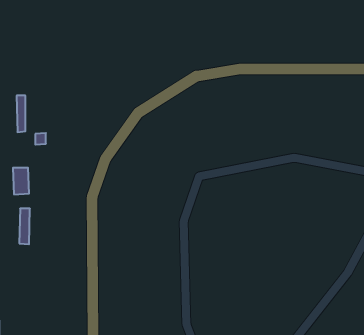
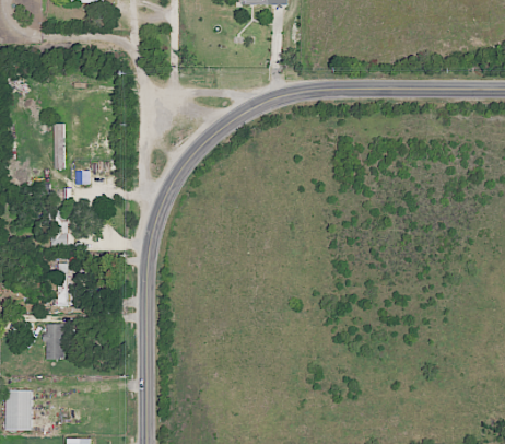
building: none -> [45,324,66,359]

